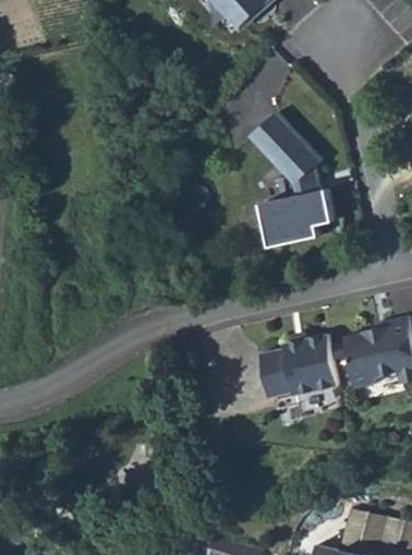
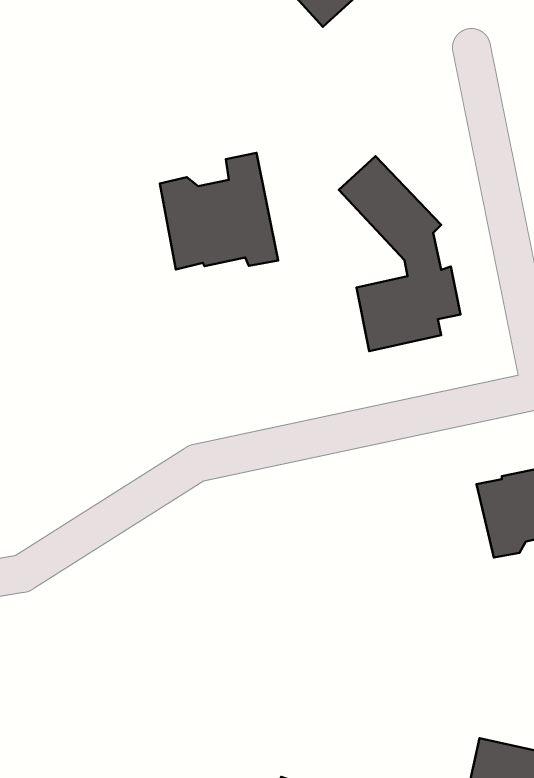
building: none -> [160,153,278,269]
building: [260,335,337,397] -> none

